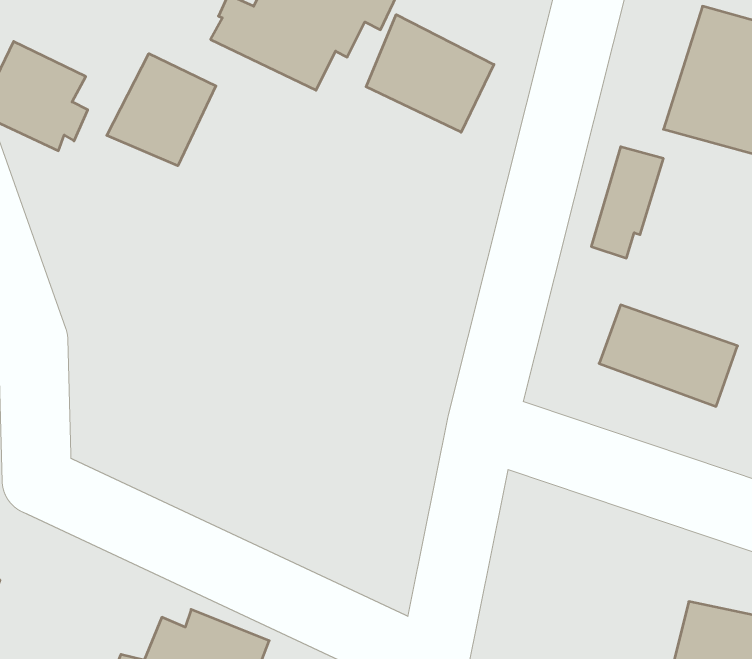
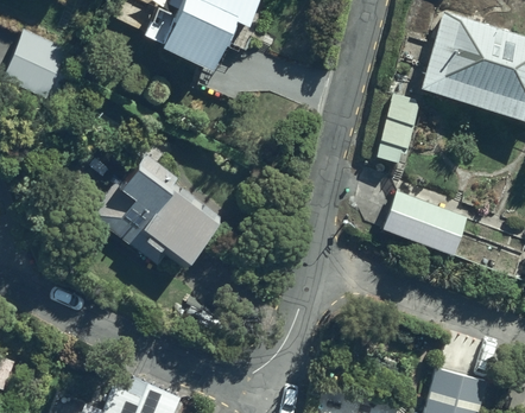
building: [366,15,494,132] -> none
building: [107,54,216,166] -> none
building: none -> [88,169,217,277]

